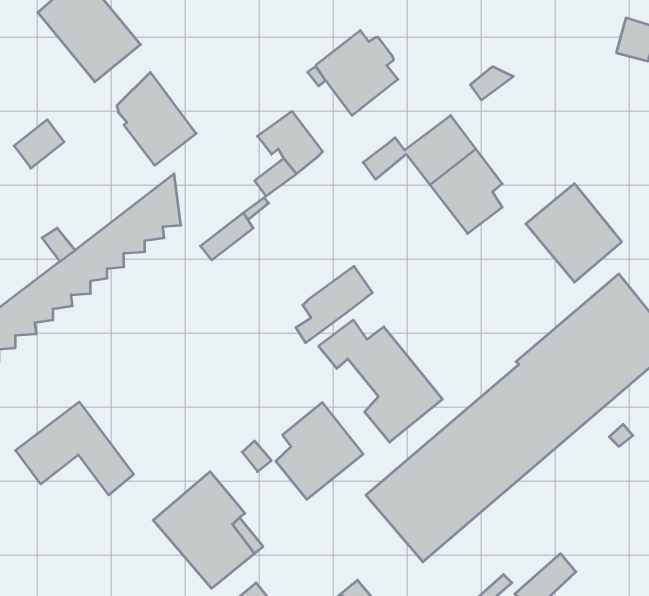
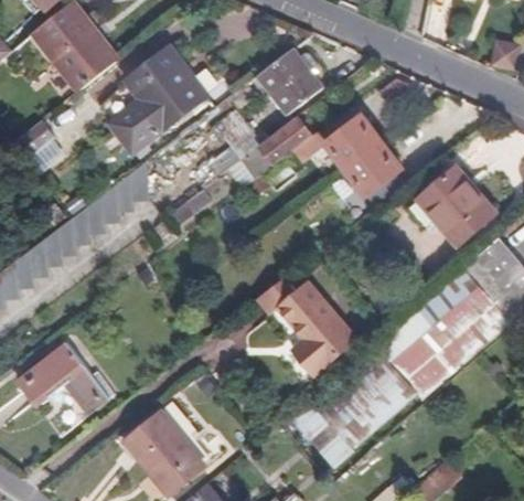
building: none -> [124,46,205,129]
building: [296,266,372,343] -> [250,117,311,178]
building: [276,402,363,499] -> none

